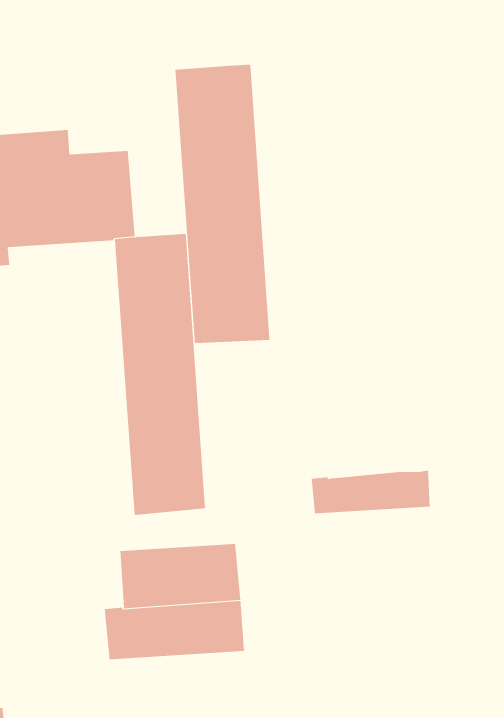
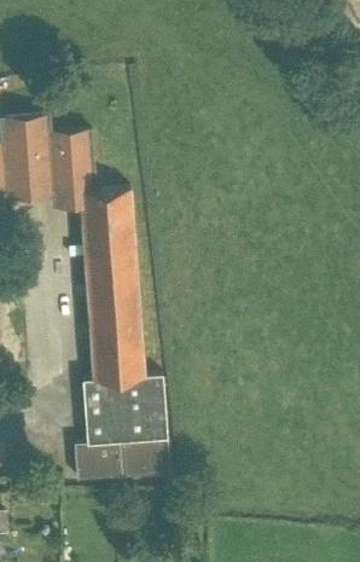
building: [175,64,270,344] -> none
building: [311,470,431,514] -> [82,375,164,405]

